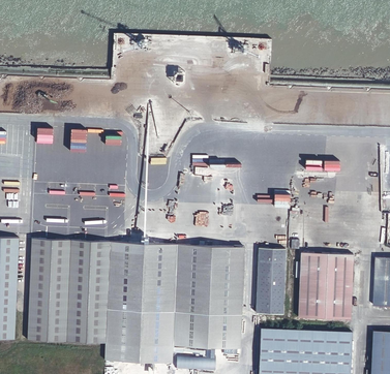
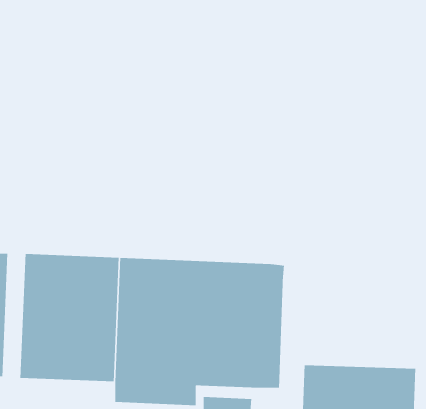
building: [256,248,284,314] -> none
building: [297,252,353,319] -> none

